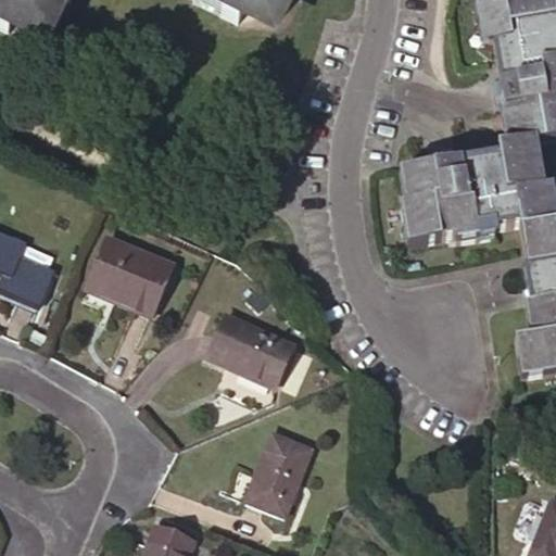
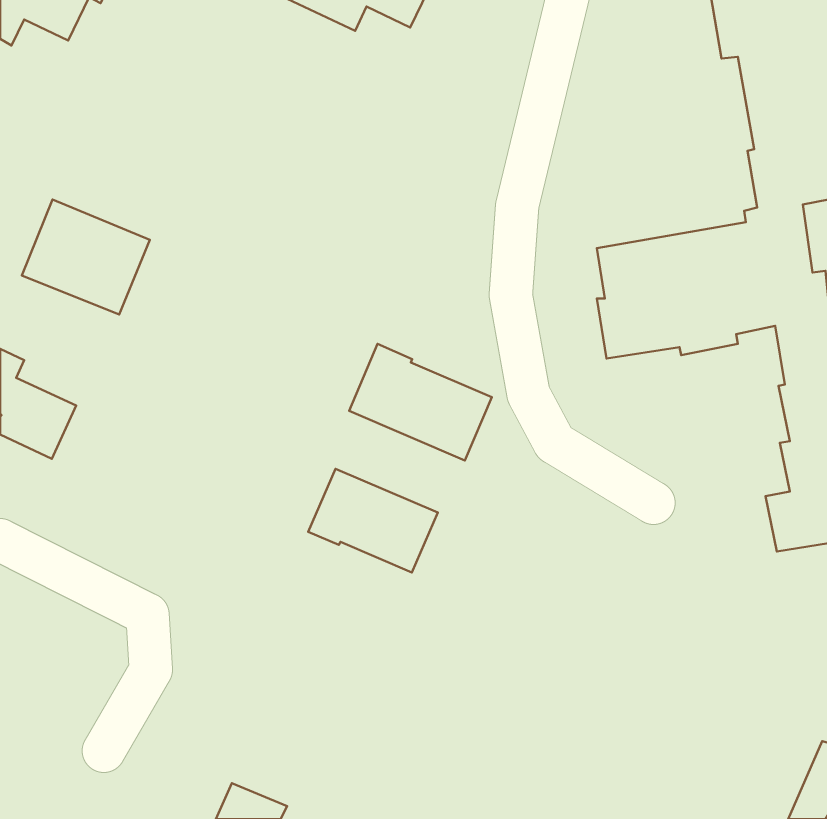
building: none -> [349,344,492,460]
building: [87,237,173,314] -> [22,199,150,315]
building: [245,432,313,516] -> none

